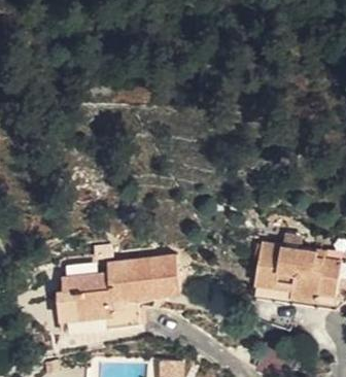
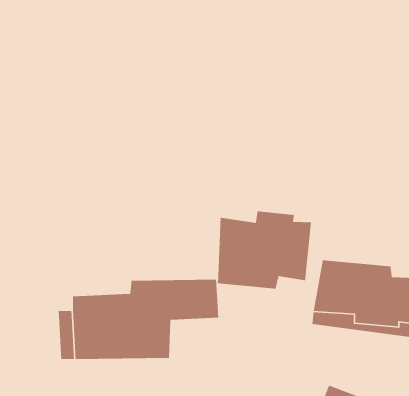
building: none -> [217,211,312,289]

